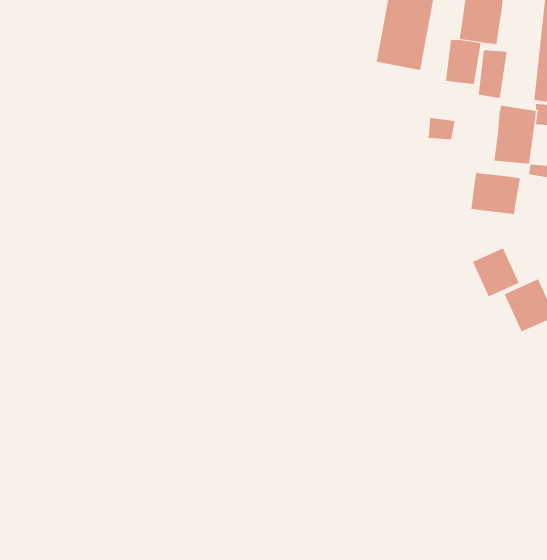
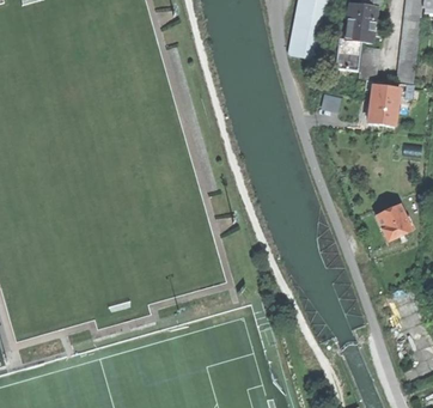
building: [471,172,520,215] -> none
building: [472,247,520,297] -> none

